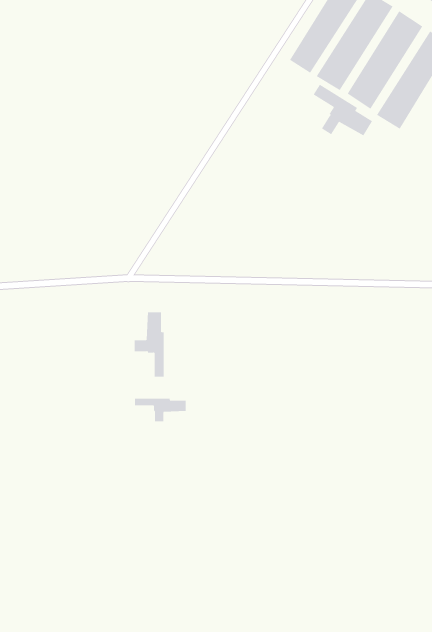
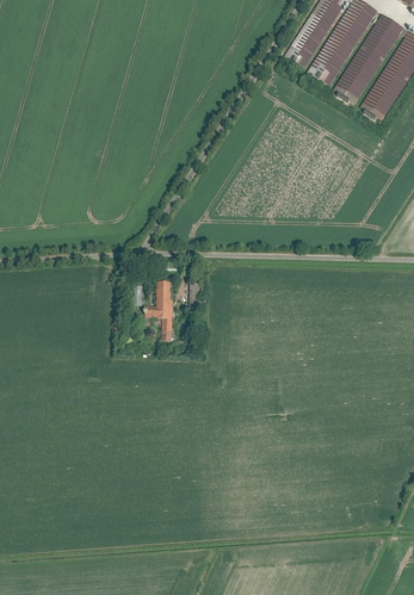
building: [313,84,373,136] -> none
building: [135,398,186,422] -> none

